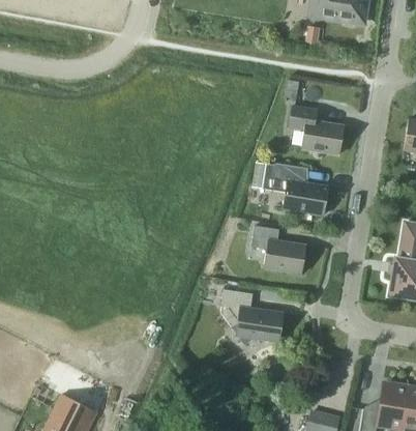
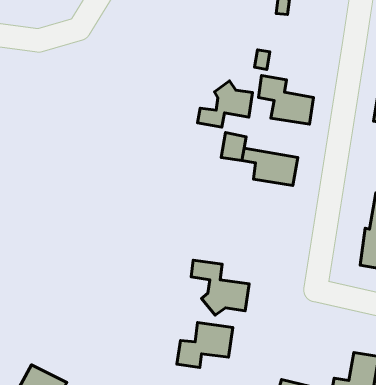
building: none -> [198,81,253,127]
building: [250,226,306,274] -> none
building: none -> [177,322,233,367]

